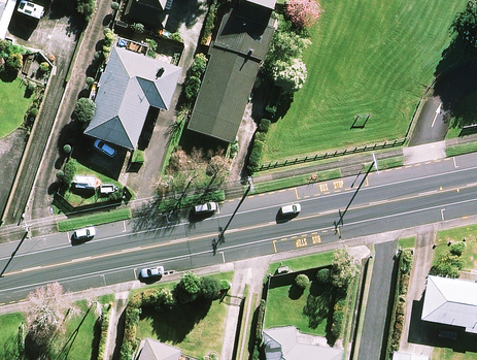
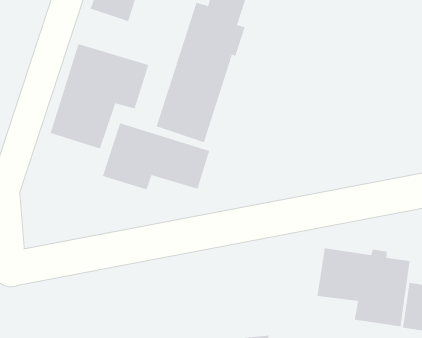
building: none -> [102,122,210,190]
building: none -> [317,248,410,327]

